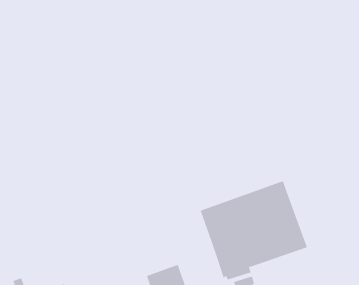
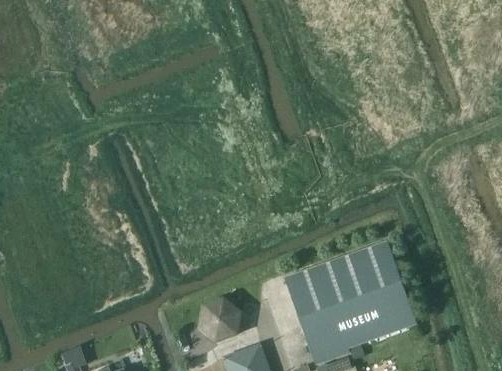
building: none -> [198,297,241,344]

